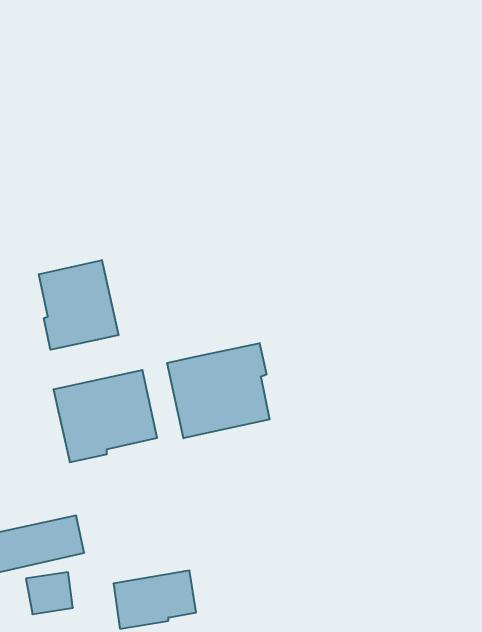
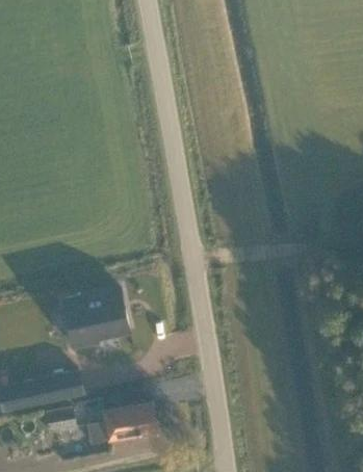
building: [39,260,118,350] -> none
building: [167,343,270,438] -> none

